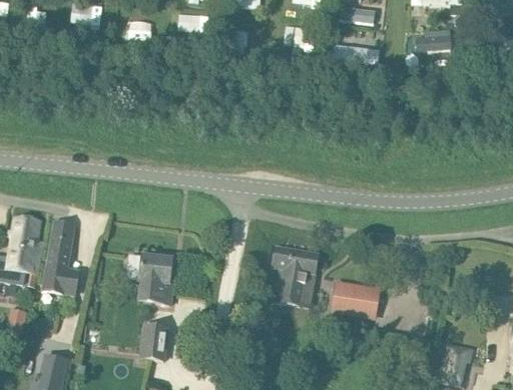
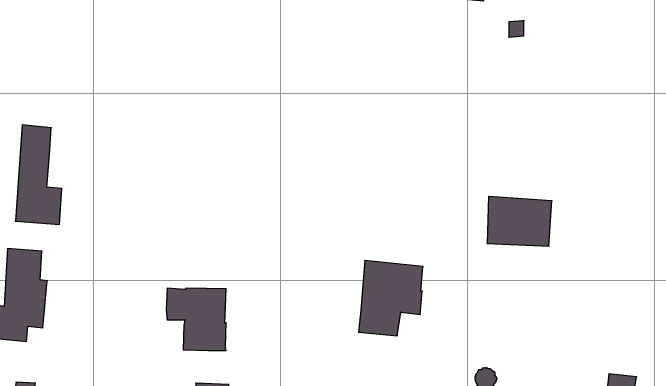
building: [43,222,79,297] -> [15,125,62,224]
building: [330,279,380,319] -> [487,197,552,246]

